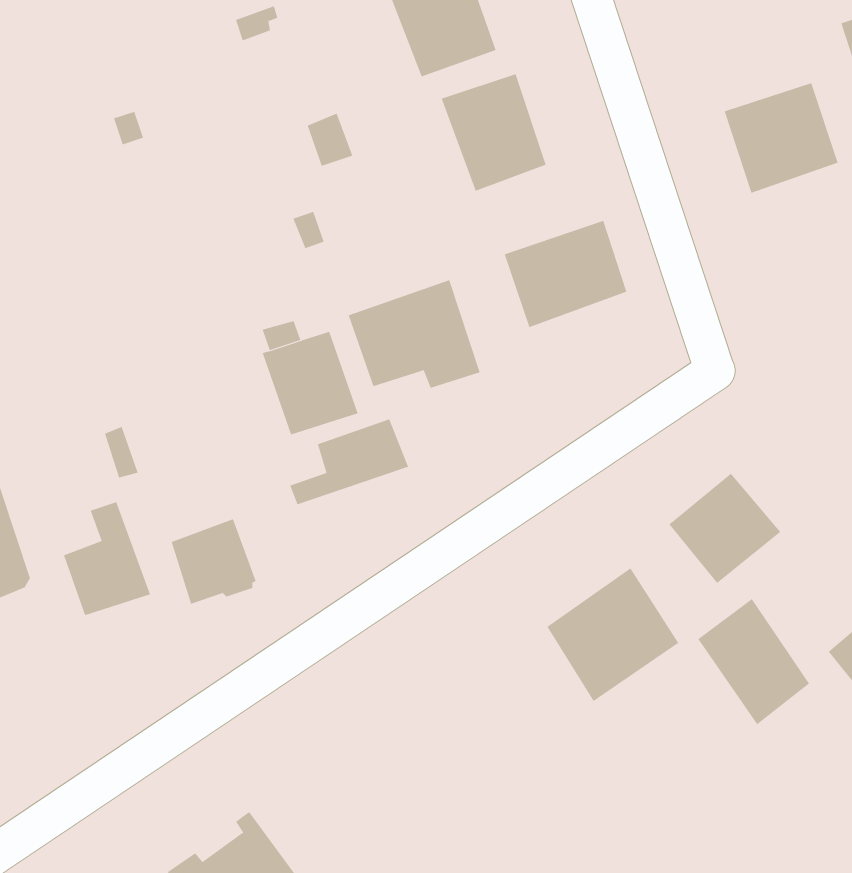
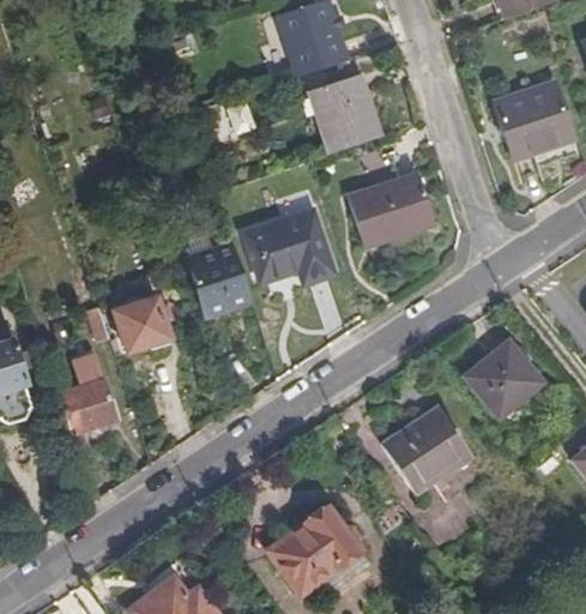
building: [290,418,409,505] -> none
building: [171,518,257,604] -> [117,295,175,353]
building: [698,598,810,725] -> none
building: none -> [274,505,358,588]

